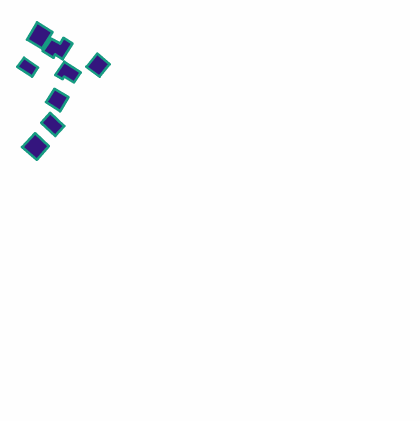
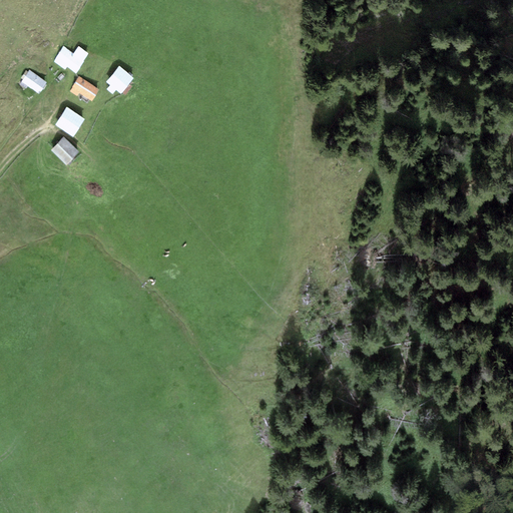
building: [27,22,52,49] -> none
building: [22,133,49,160] -> none

